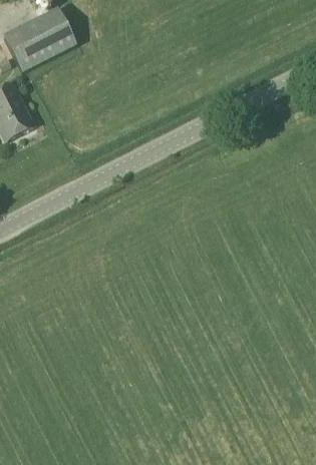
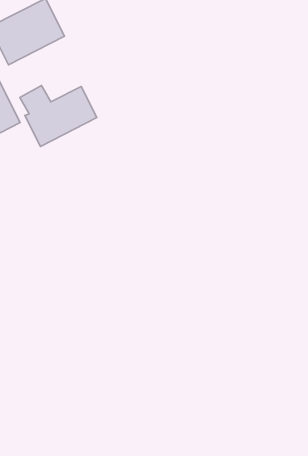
building: none -> [20,86,97,146]

